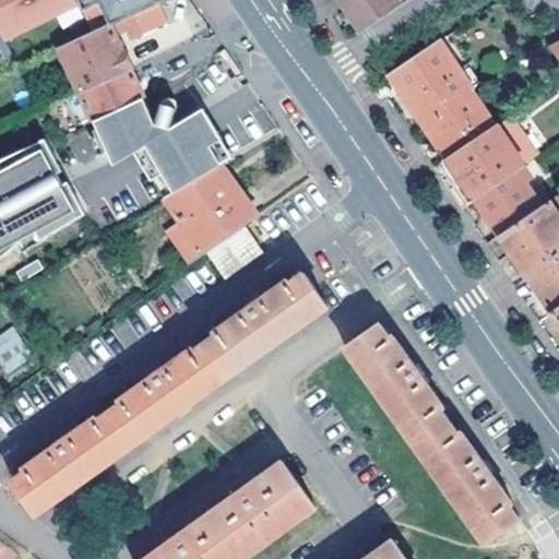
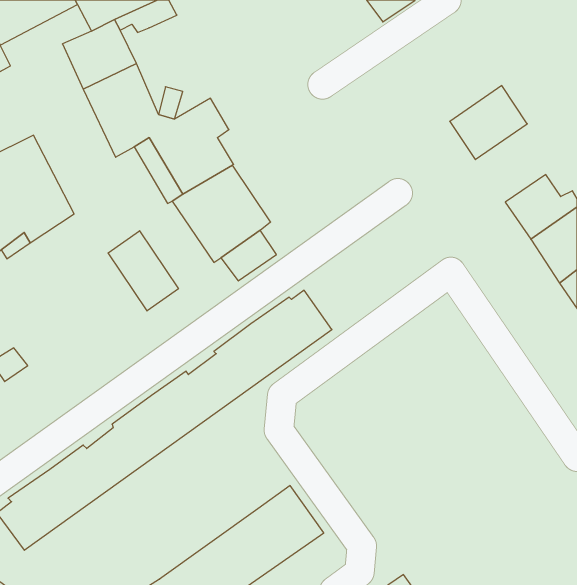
building: [390,36,474,120] -> none
building: [447,115,539,197] -> none
building: none -> [108,231,178,311]
building: [346,328,518,546] -> none

